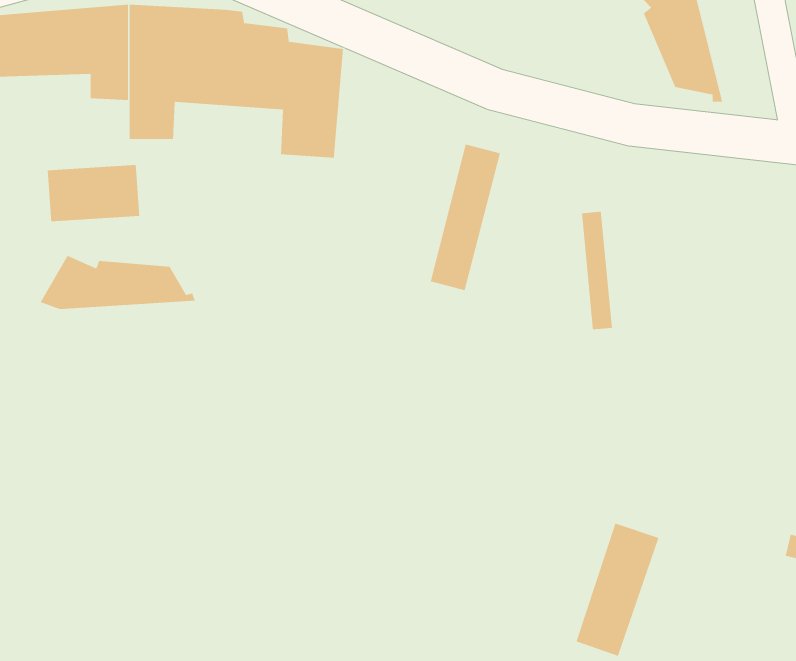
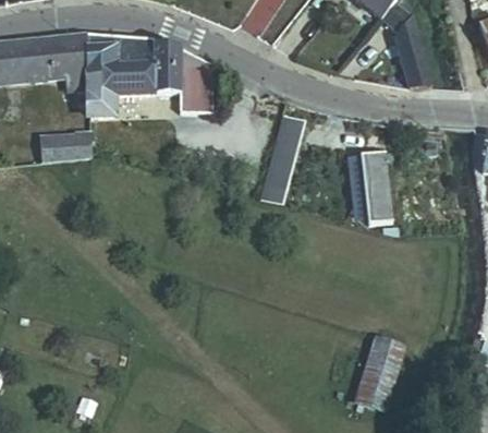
building: none -> [363,151,393,224]
building: [40,255,196,310] -> none

